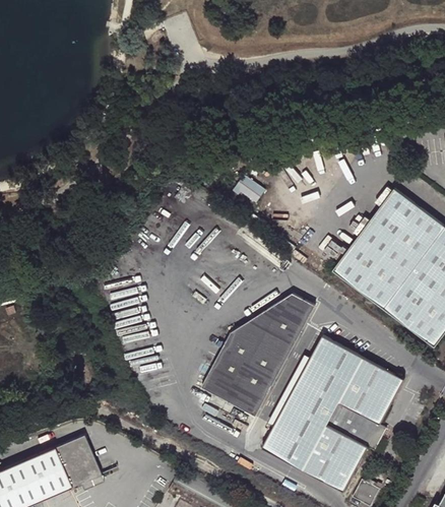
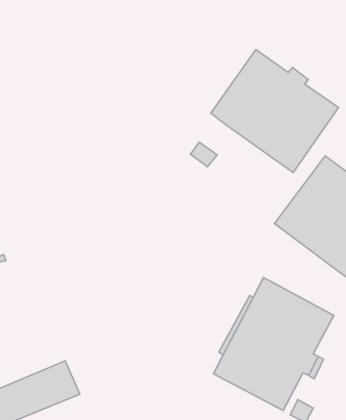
building: none -> [211,49,339,173]
building: [201,294,314,418] -> none

